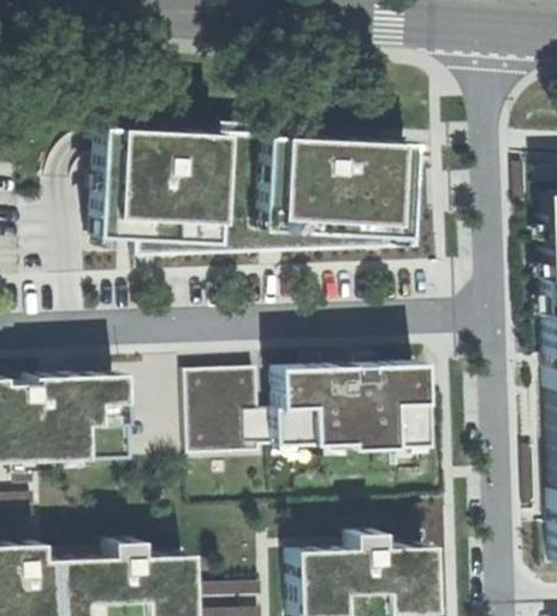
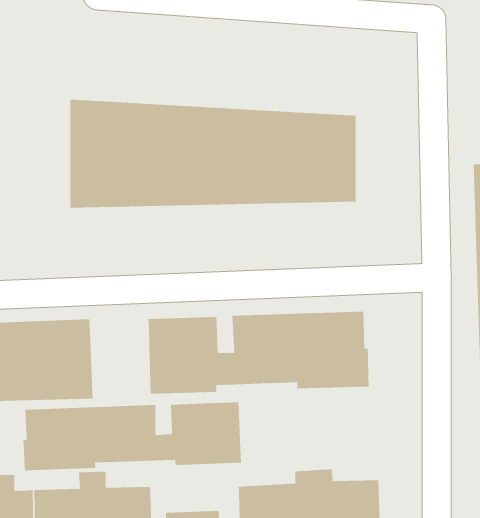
building: none -> [23,401,242,471]

